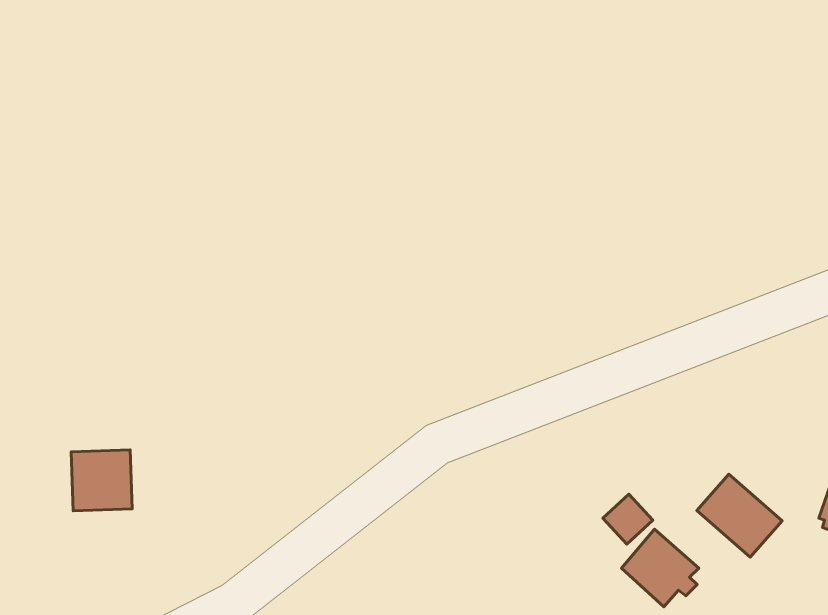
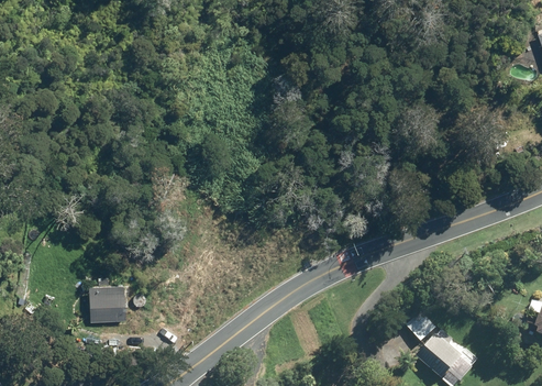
building: [697,474,782,557] -> none

